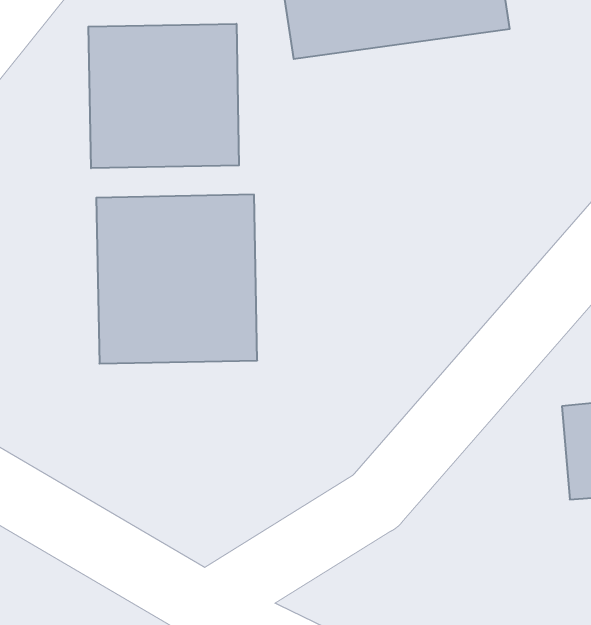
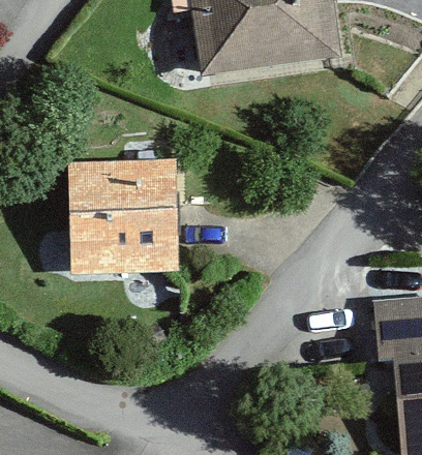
building: [88,24,239,168] -> none

